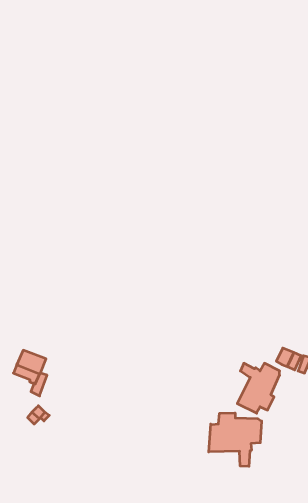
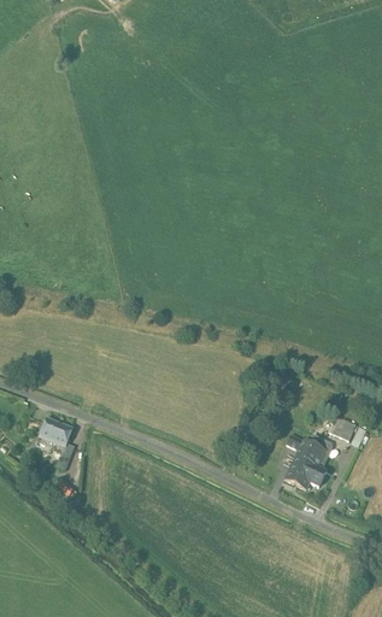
building: [209,413,262,466] -> none

